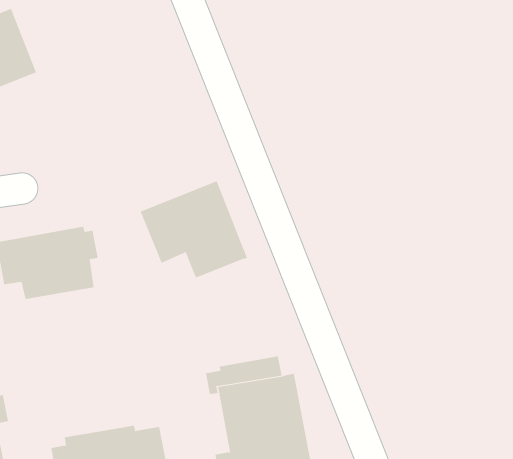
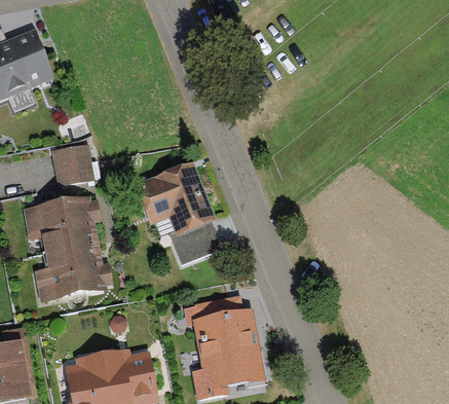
building: none -> [50,145,92,186]
building: none -> [169,222,222,264]
building: none -> [33,244,112,303]

